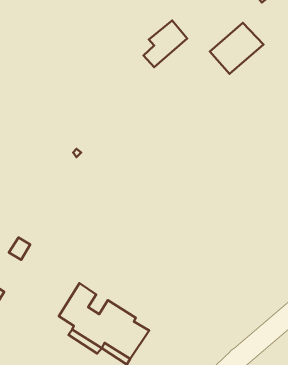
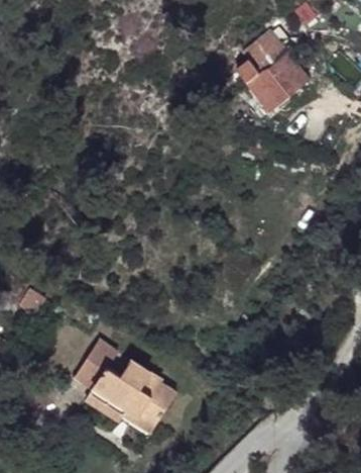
building: [143,21,187,67] -> [234,27,283,80]

